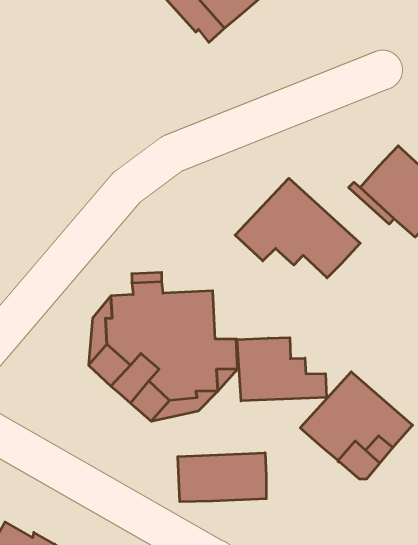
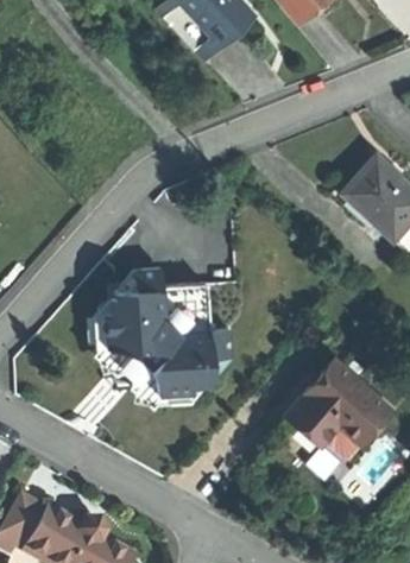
building: [235,178,360,278] -> none
building: [237,338,326,401] -> none
building: [178,453,266,502] -> none

